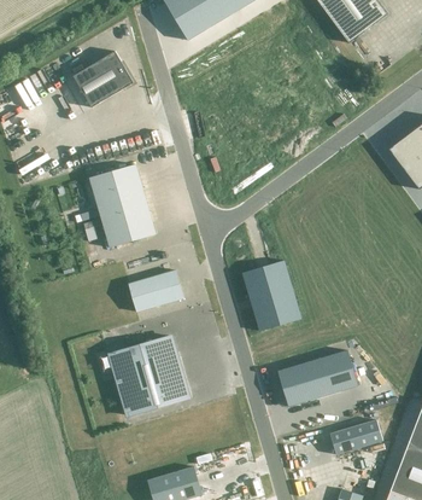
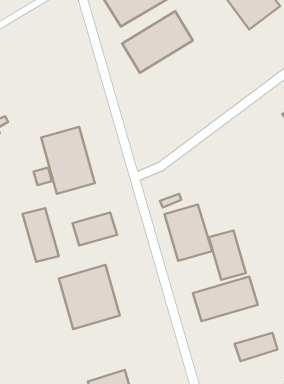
building: none -> [122,11,193,73]
building: [72,52,133,109] -> none
building: none -> [23,208,59,262]
building: none -> [209,231,246,280]

